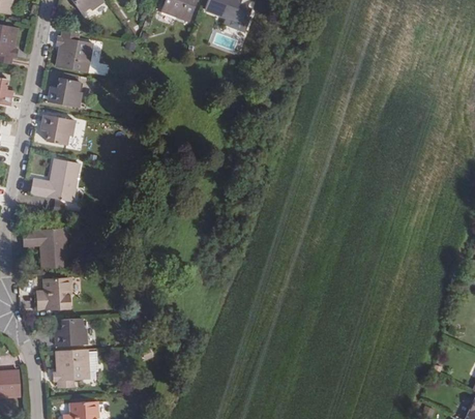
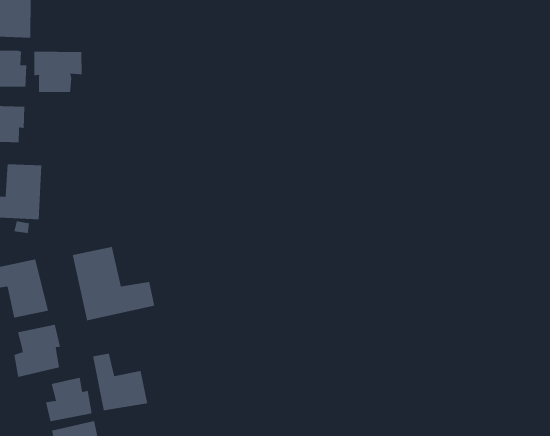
building: none -> [34,51,82,93]
building: none -> [72,246,155,321]
building: none -> [92,353,148,411]

